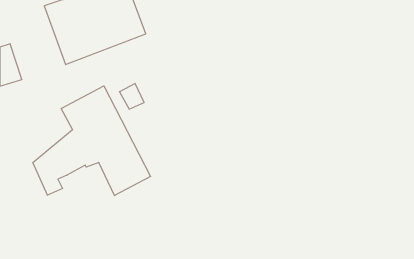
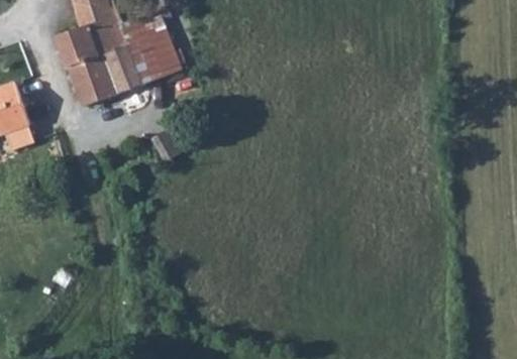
building: [33,86,151,196] -> none

